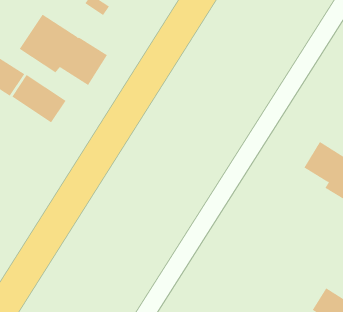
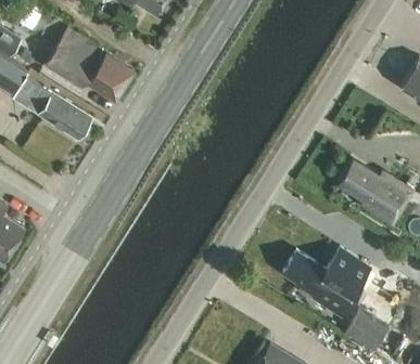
building: none -> [282,247,370,317]

